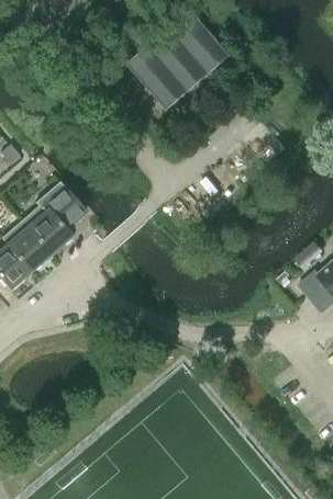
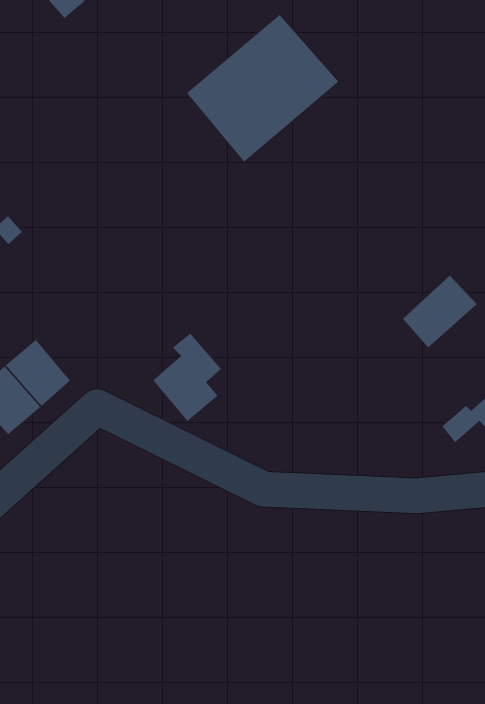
building: none -> [402,275,477,348]
building: [29,194,75,253] -> [153,333,222,422]

